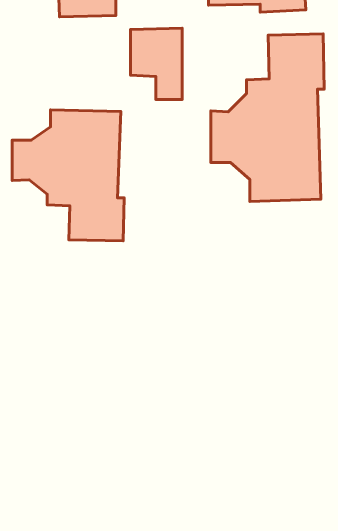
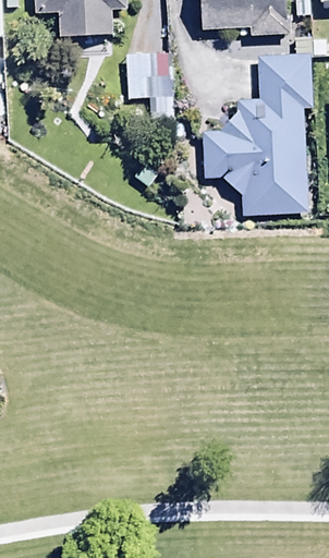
building: [12,110,124,241] -> none

